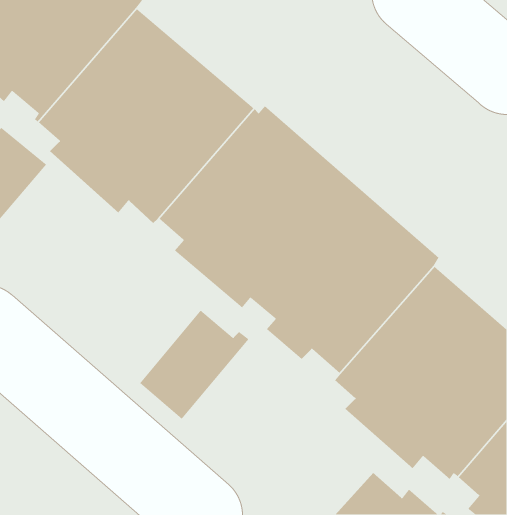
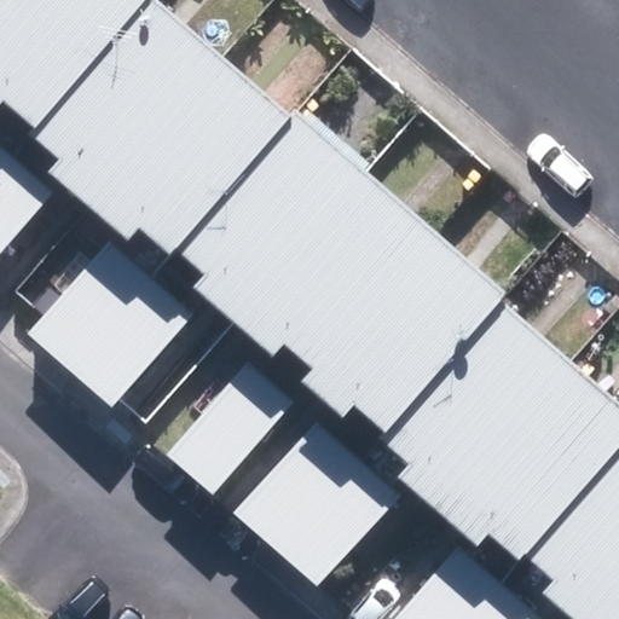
building: none -> [28,255,192,407]
building: none -> [230,430,397,588]

